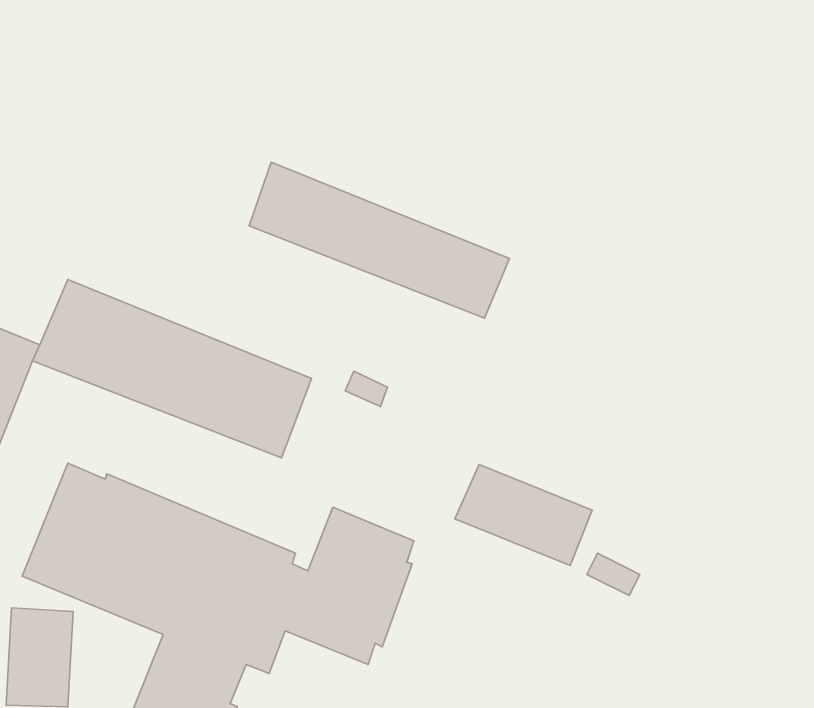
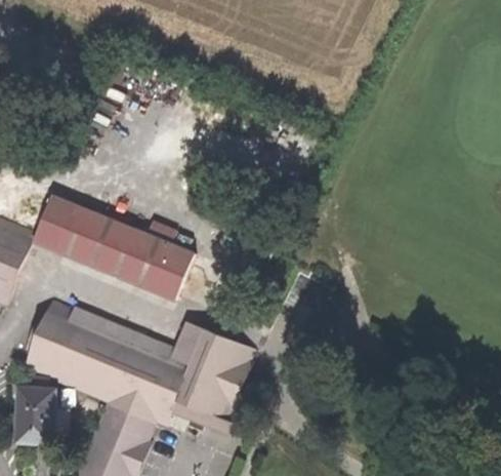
building: [249,162,509,318] -> none
building: [455,464,592,565] -> none

